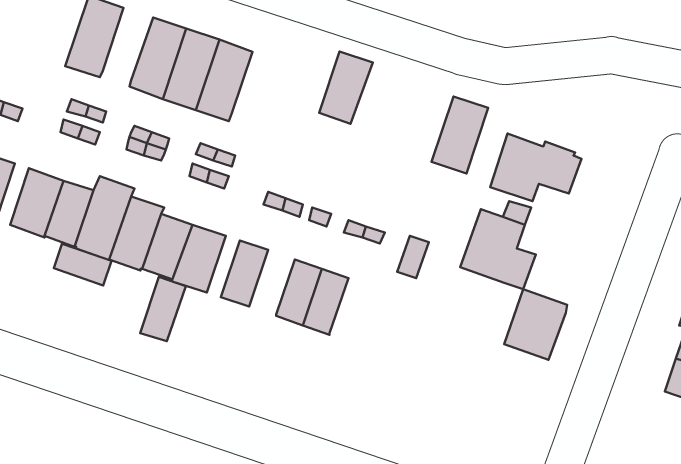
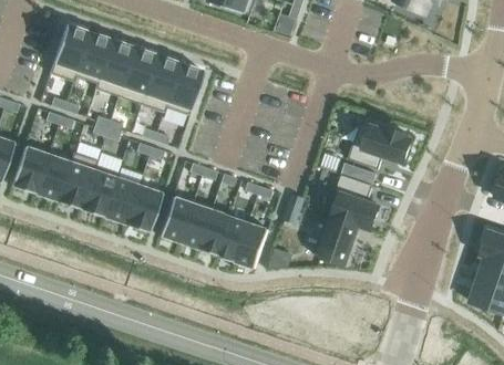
building: none -> [75,31,111,82]
building: [319,51,373,124] -> [166,62,204,113]
building: [432,96,488,173] -> none
building: [54,243,112,286] -> none
building: [140,277,186,341] -> [178,201,210,247]
building: none -> [235,221,268,267]
building: [504,289,567,360] -> [313,213,358,263]

